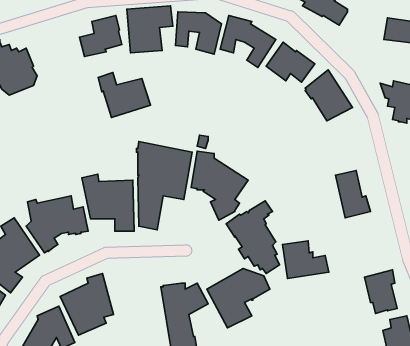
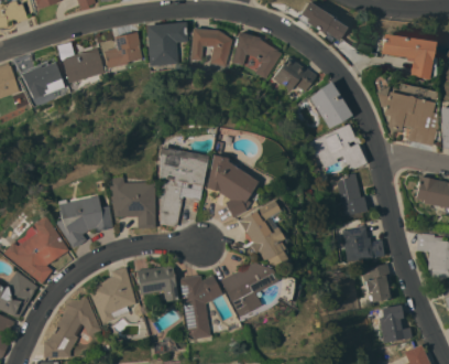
building: [98,73,150,117] -> [58,43,106,84]
building: none -> [310,125,366,169]
building: [283,241,329,278] -> [343,227,385,261]
building: none -> [135,265,177,302]

